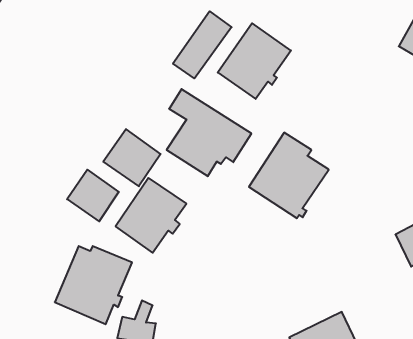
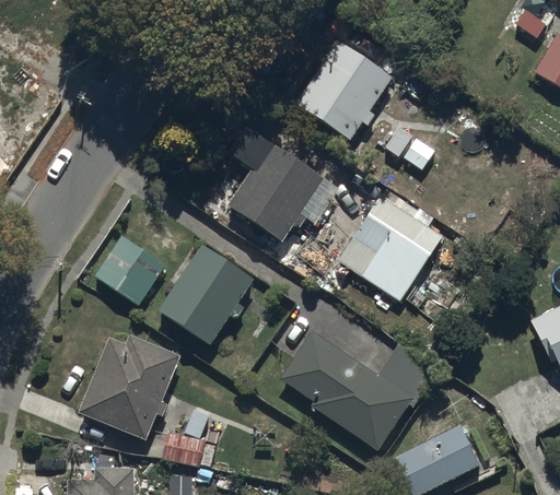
building: [173,11,232,78] -> none
building: [103,129,161,186] -> none
building: none -> [273,331,436,452]

